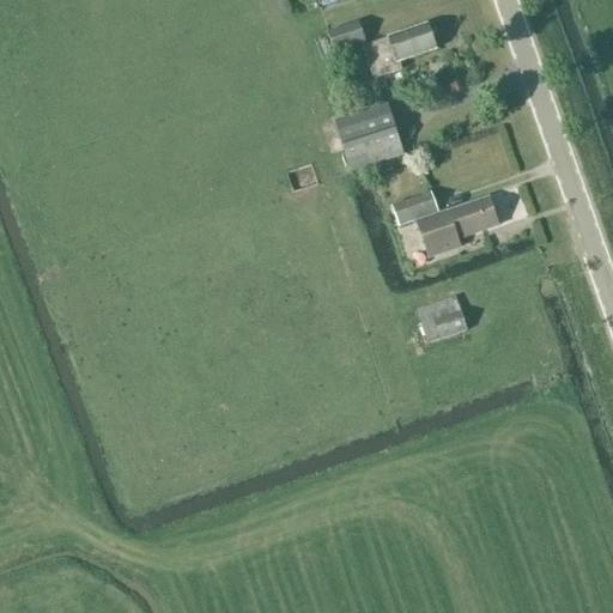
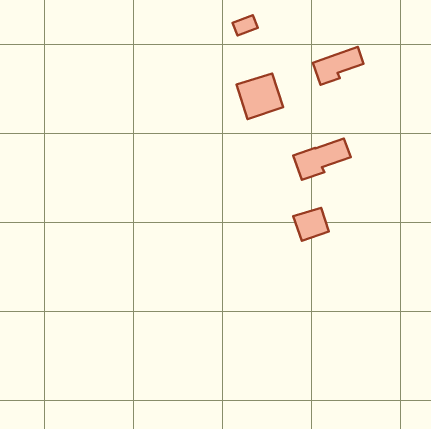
building: [364,23,436,77] -> [313,47,364,85]
building: [393,190,438,223] -> none

